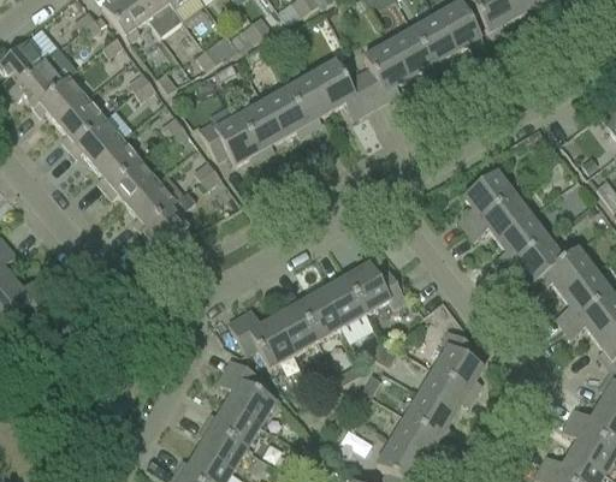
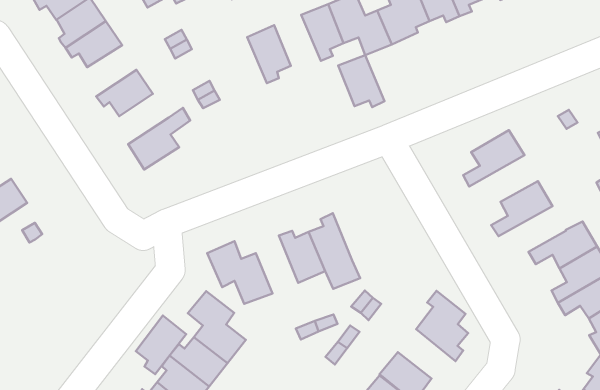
building: [263,87,312,136] -> [338,55,385,107]
building: [200,114,263,163] -> none
building: [93,137,140,189] -> none
building: [129,179,176,230] -> none
building: [467,191,531,238] -> none
building: [500,236,563,281] -> none
building: [342,262,405,311] -> none
building: [274,297,318,352] -> none
building: [420,368,475,412] -> none
building: none -> [136,316,186,374]

